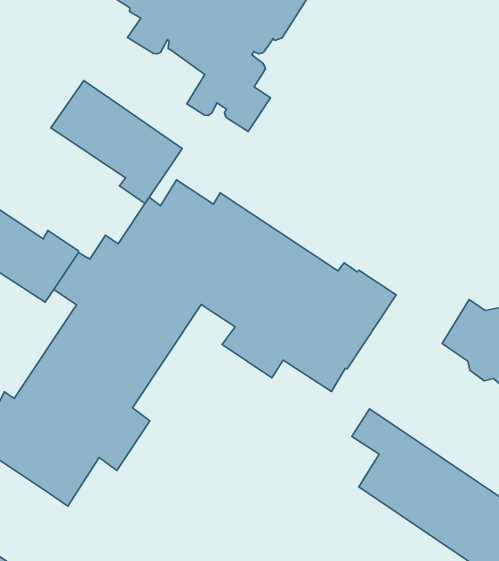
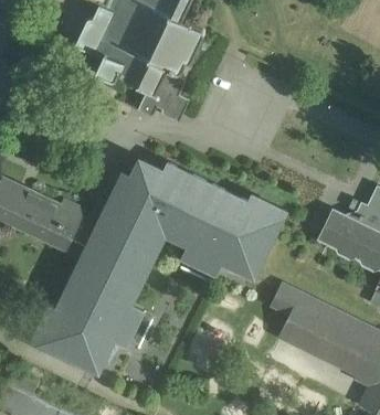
building: [51,80,182,203] -> none

